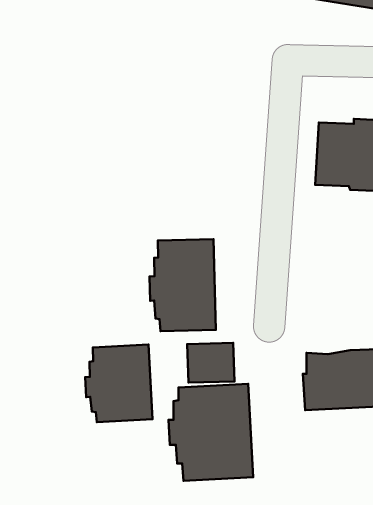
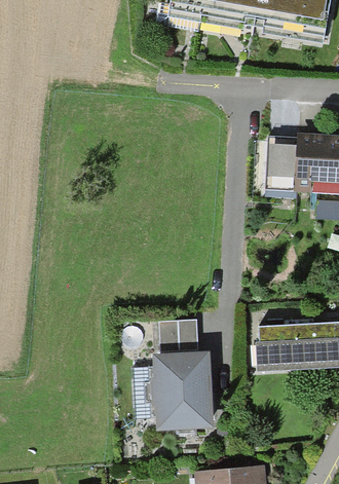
building: [150,239,216,331] -> none
building: [85,344,152,422] -> none

